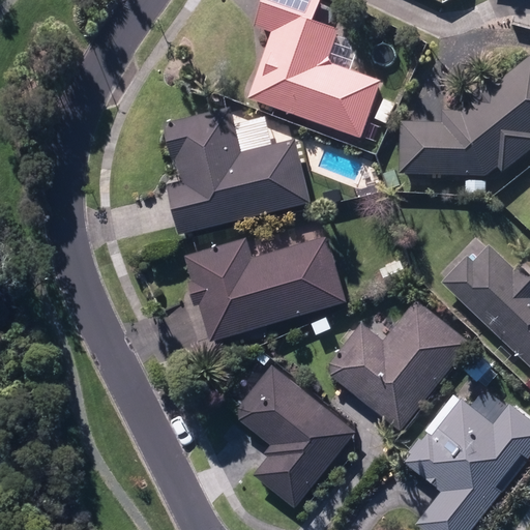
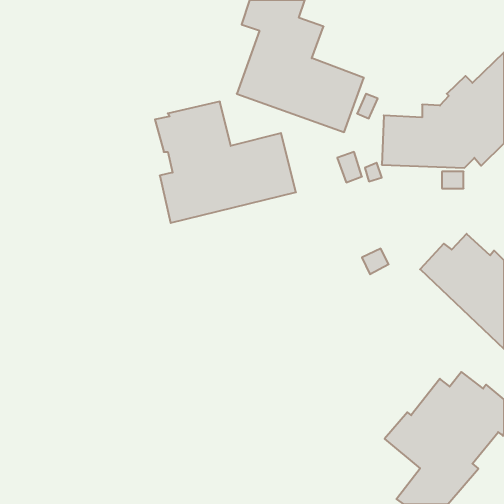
building: [186,237,346,342] -> none
building: [324,300,470,432] -> none
building: [239,366,356,507] -> none

